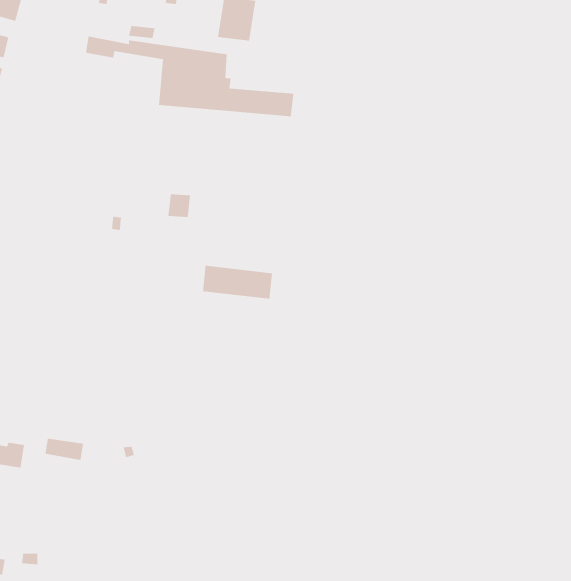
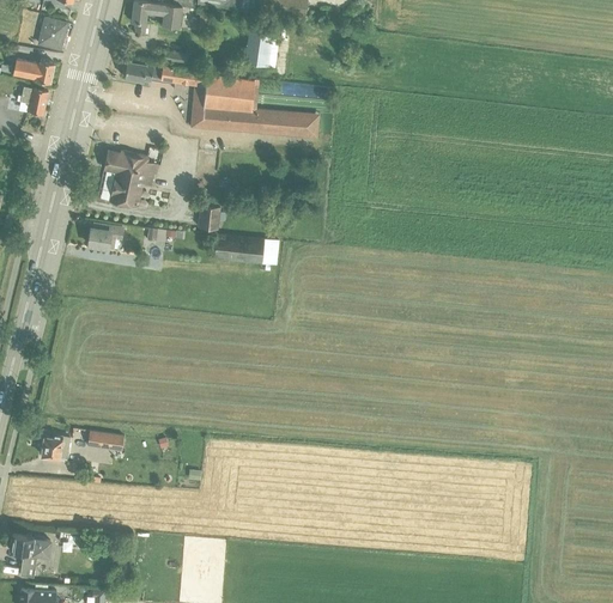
building: none -> [103,151,156,206]
building: none -> [87,224,121,249]
building: [202,265,273,299] -> [213,236,278,267]

